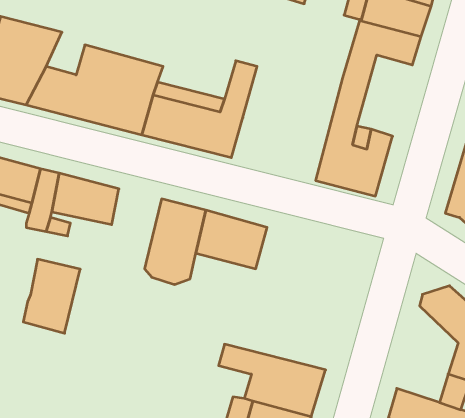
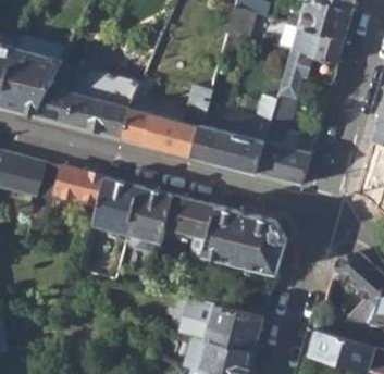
building: none -> [190,90,275,173]
building: none -> [205,209,284,275]
building: [23,259,80,333] -> [94,179,137,236]

